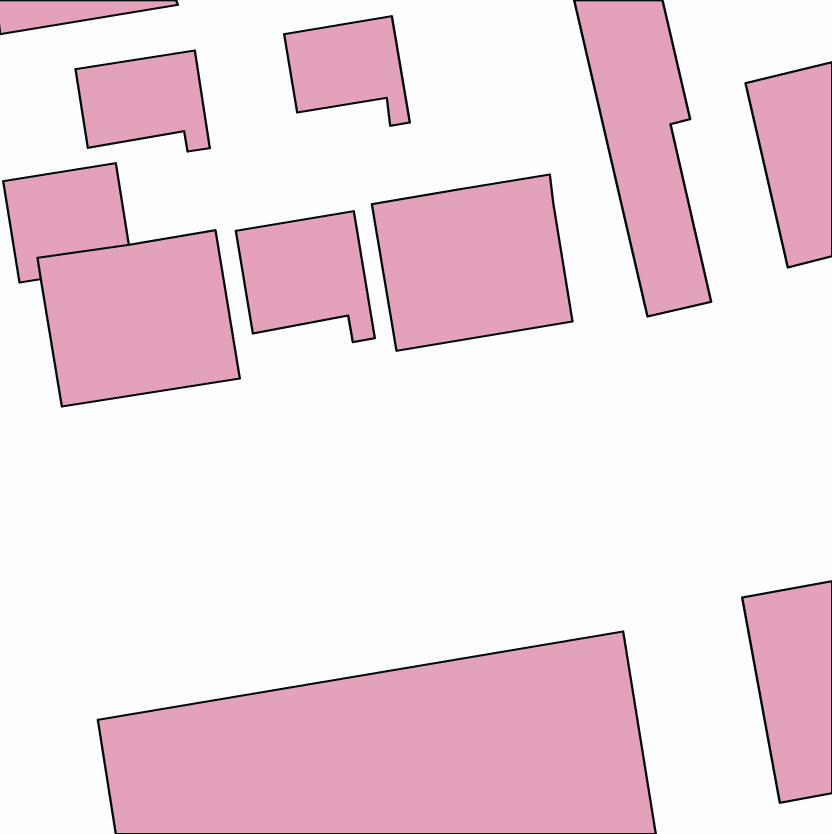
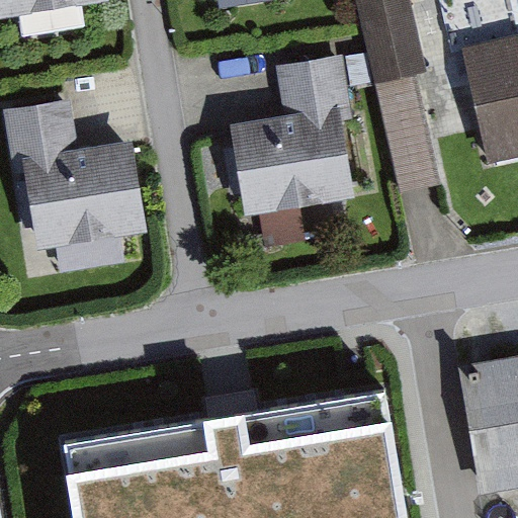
building: [284,16,410,126] -> [277,58,355,125]
building: [76,51,210,152] -> none
building: [236,211,375,342] -> none

